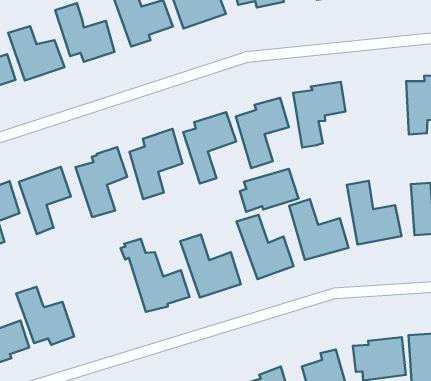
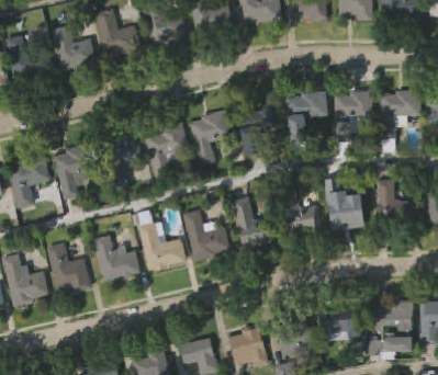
building: none -> [330,88,374,144]
building: [240,169,298,212] -> none
building: none -> [92,235,141,281]

